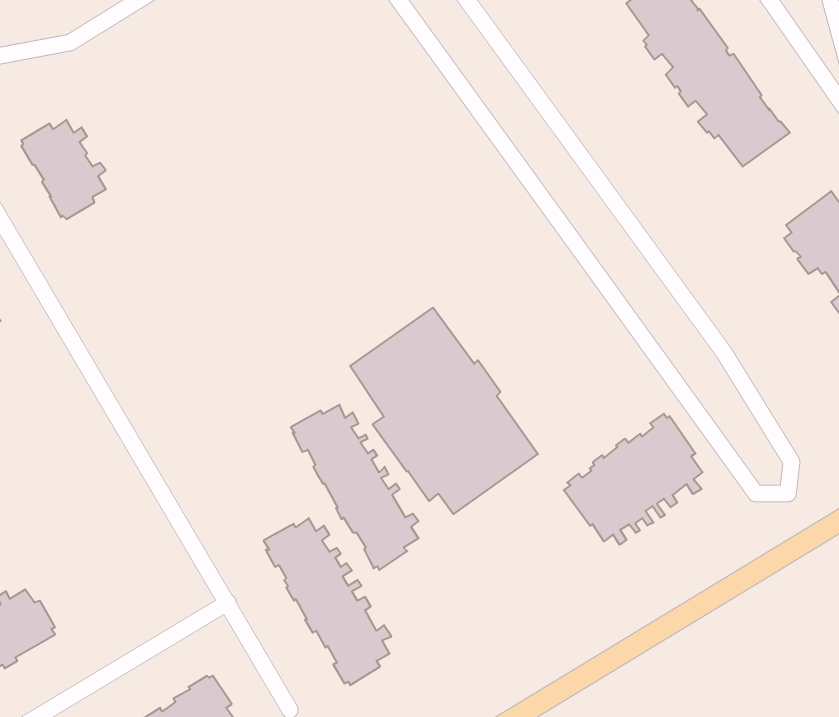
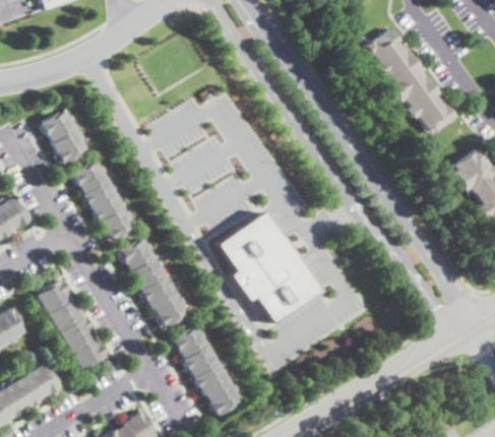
building: none -> [72,161,134,242]
building: [291,405,419,570] -> [118,238,187,327]
building: [564,414,703,545] -> none
building: none -> [38,278,107,368]

